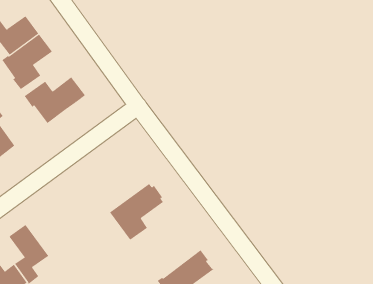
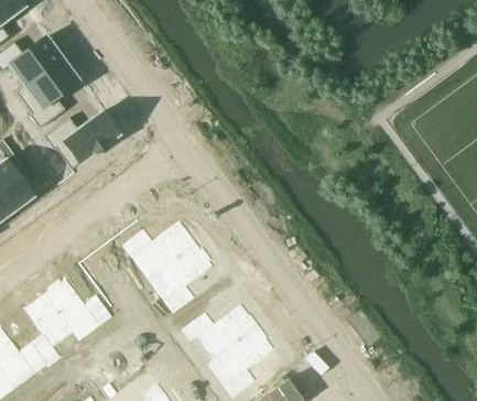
building: none -> [121,219,196,280]
building: none -> [44,278,111,342]
building: none -> [181,302,259,360]

